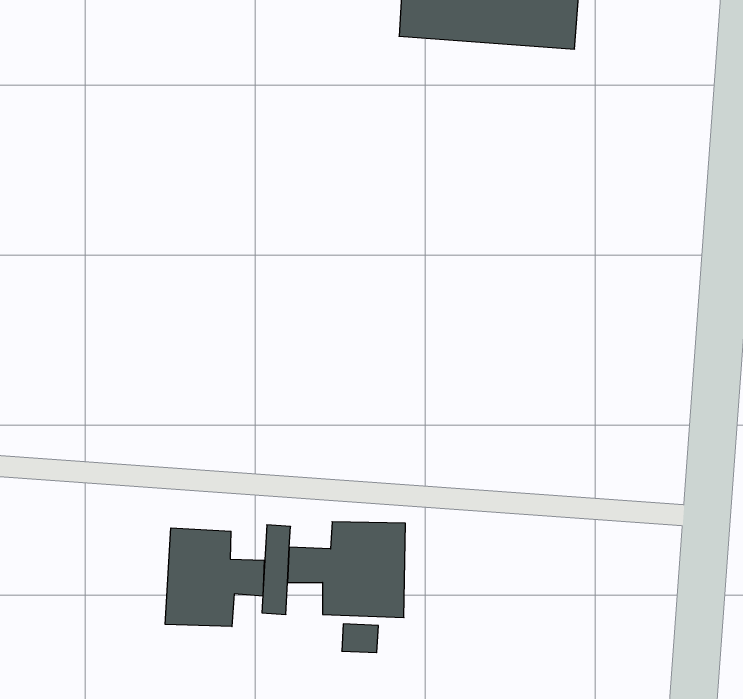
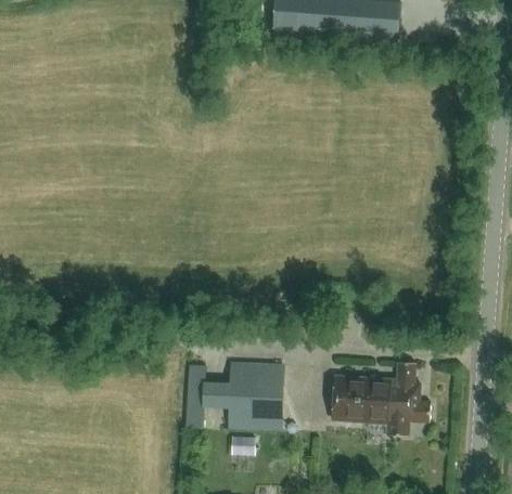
building: none -> [334,361,431,434]
building: [165,528,264,627] -> none

